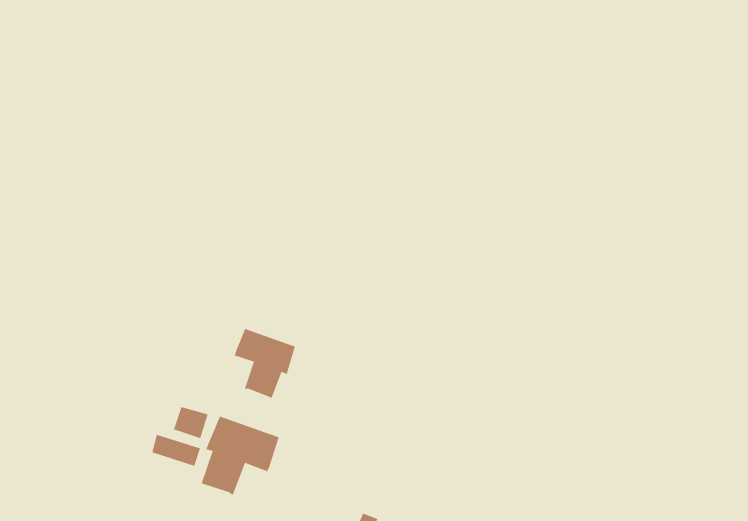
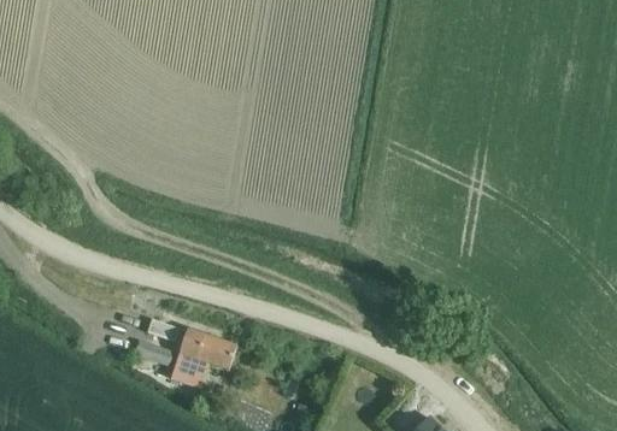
building: [234,328,296,398] -> none

